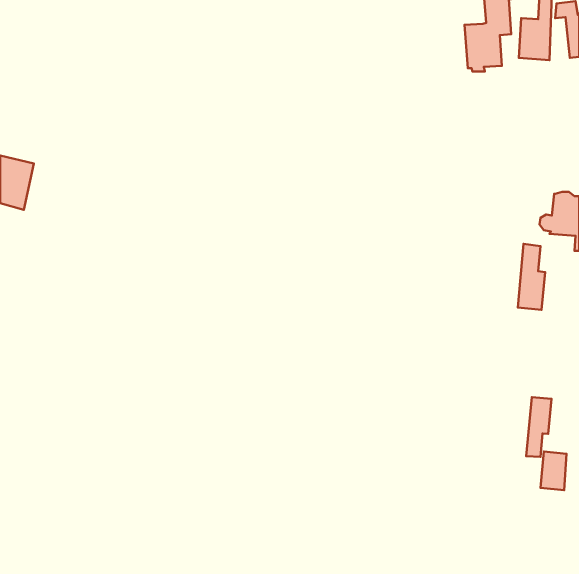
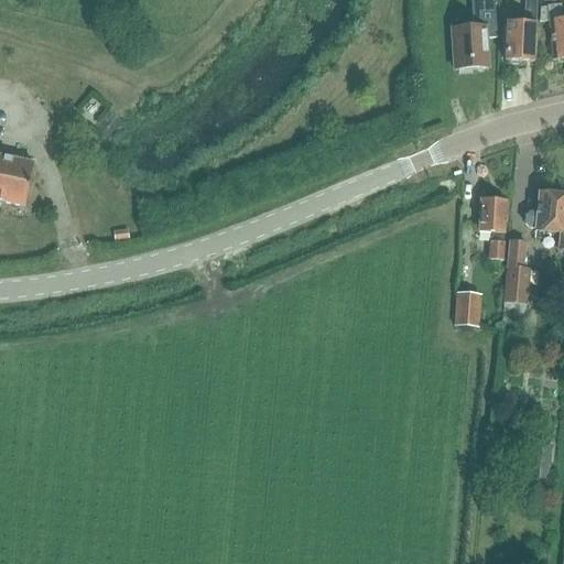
building: none -> [477,196,506,257]
building: none -> [455,292,478,324]
building: [526,397,551,457] -> none

